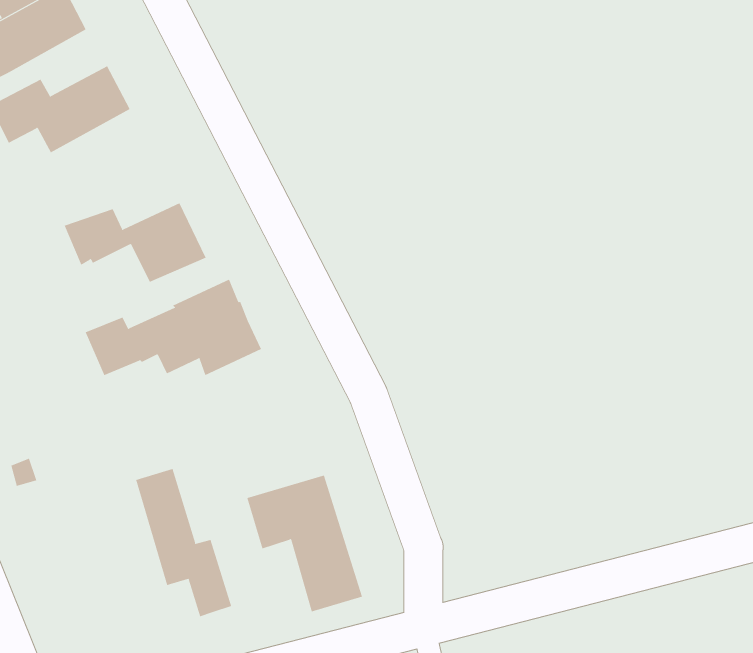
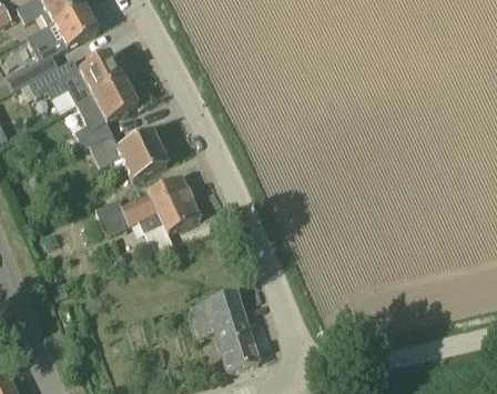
building: none -> [75,77,138,144]
building: [135,468,232,617] -> none

